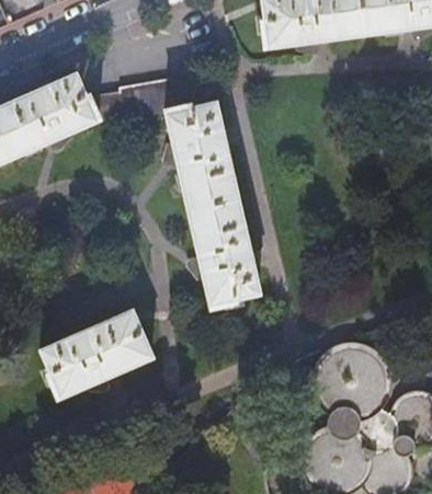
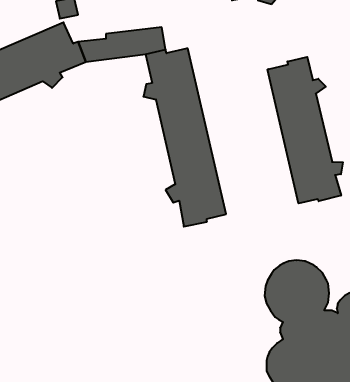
building: none -> [268,57,343,203]
building: [44,311,154,397] -> none

